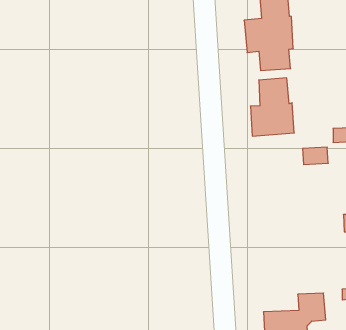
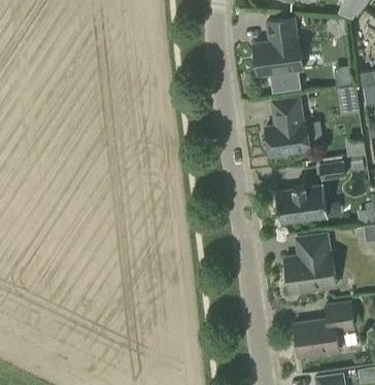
building: none -> [274,184,327,225]
building: none -> [283,235,335,293]

